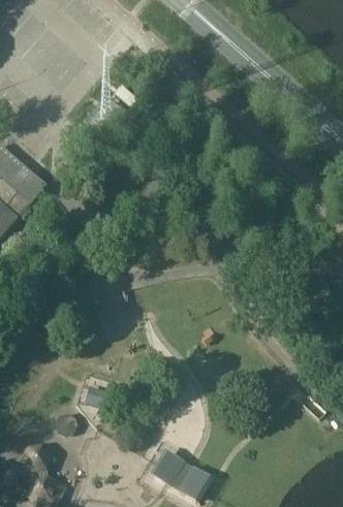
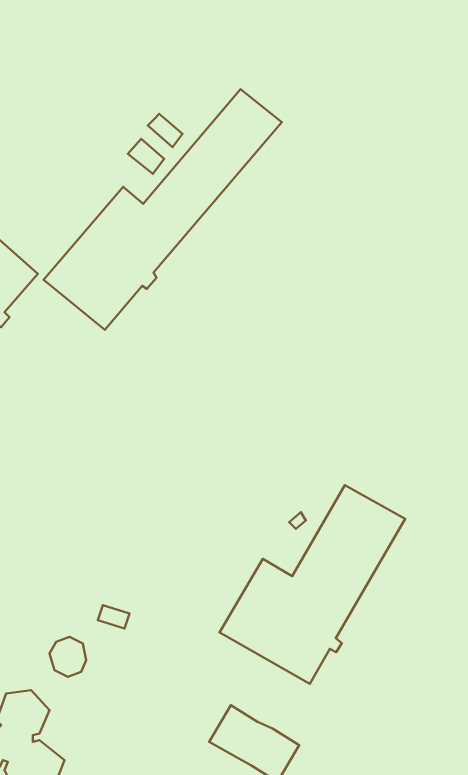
building: none -> [43,89,282,330]
building: none -> [220,485,405,684]

